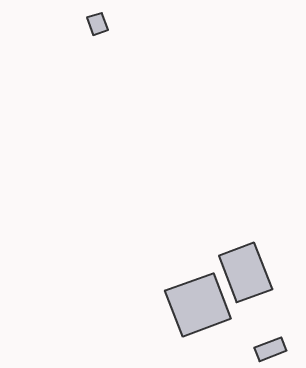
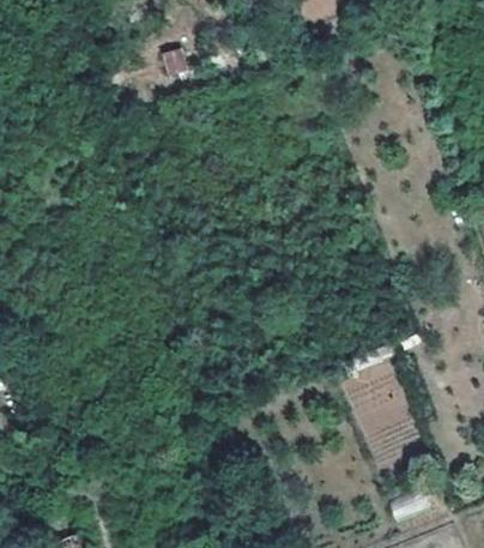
building: [165,273,231,337] -> none

